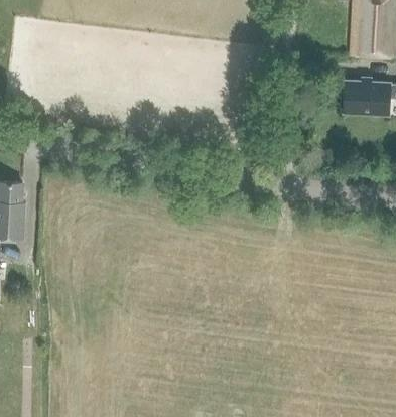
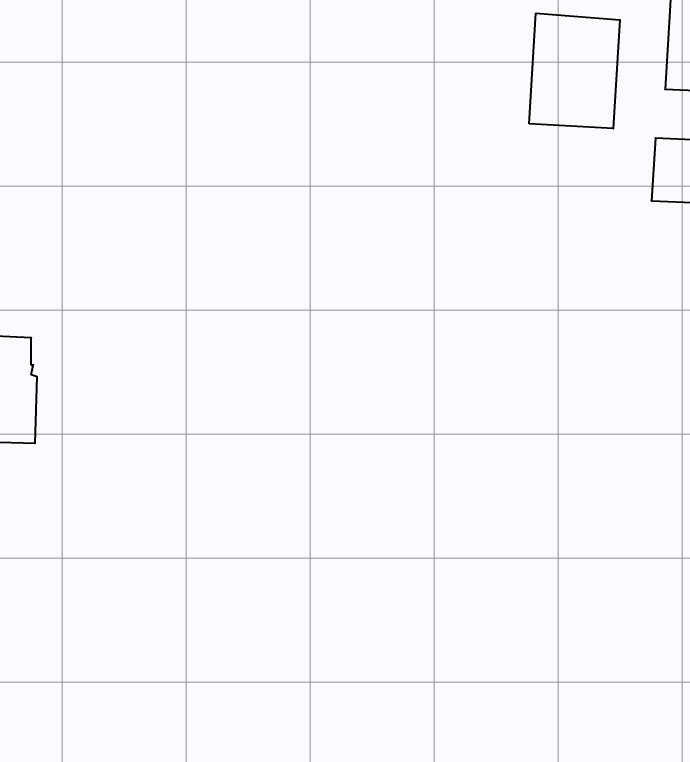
building: none -> [529,13,620,129]

